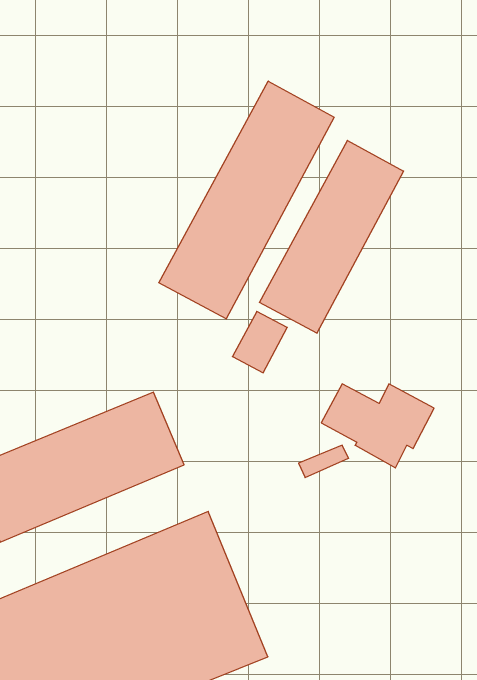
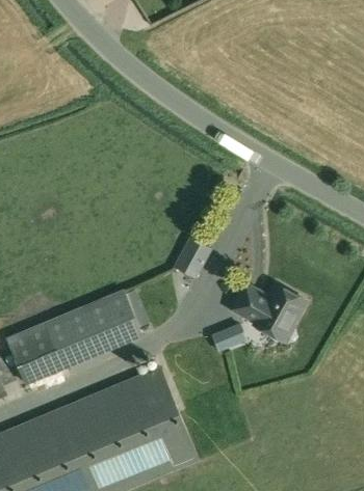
building: [159,81,334,319] -> none
building: [259,140,404,333] -> none

